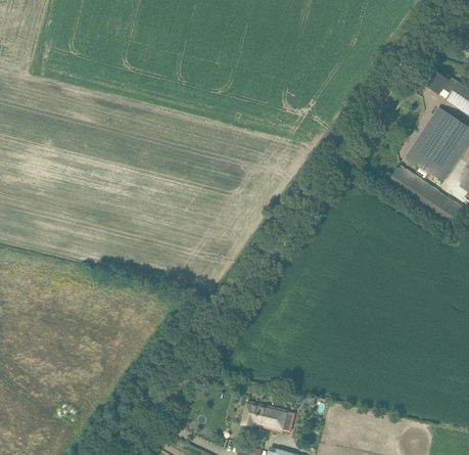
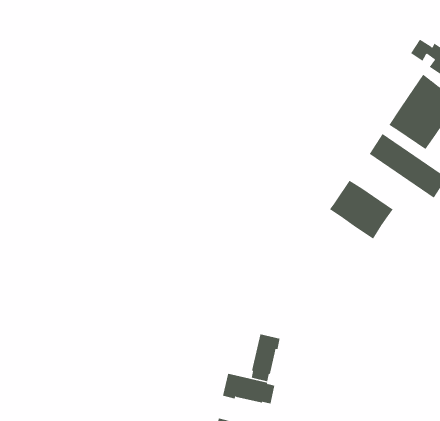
building: none -> [329,180,393,240]
building: none -> [251,334,280,382]

